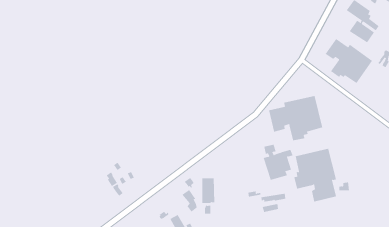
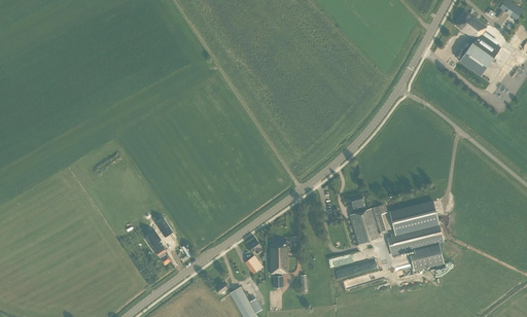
building: [325,38,373,84] -> none
building: [268,95,323,141] -> none

